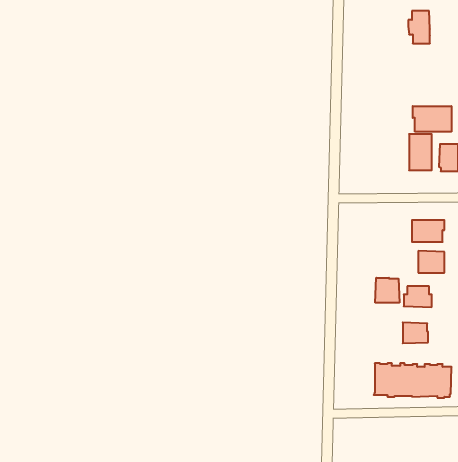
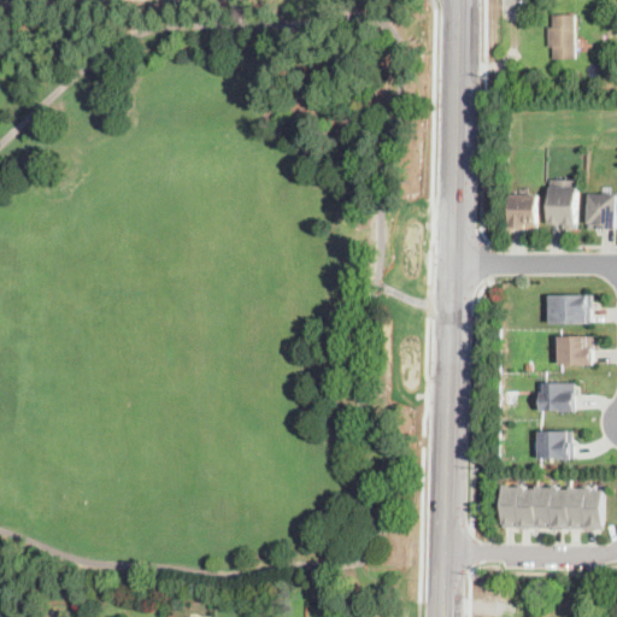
building: [413,106,451,132] -> none
building: none -> [506,194,535,229]
building: [375,278,399,303] -> none

